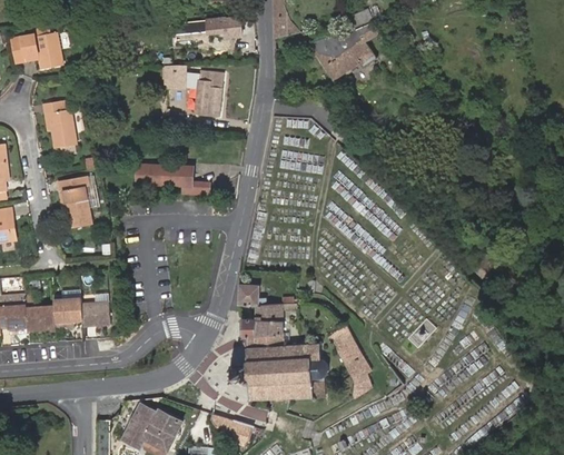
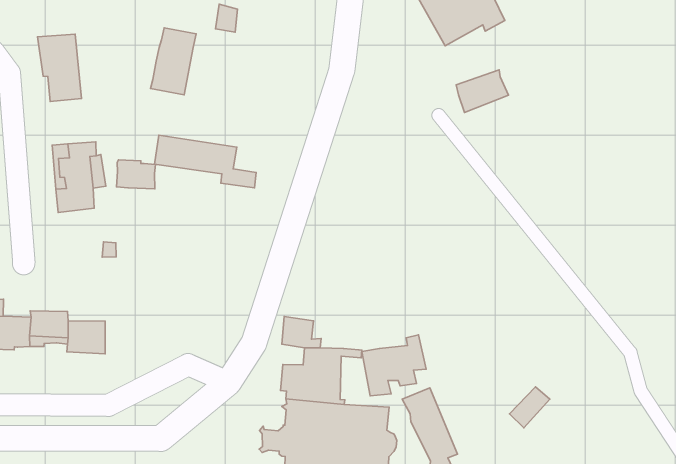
building: [195,70,224,117] -> [151,28,196,95]
building: none -> [456,70,509,113]
building: none -> [116,160,156,189]
building: none -> [362,335,426,396]

